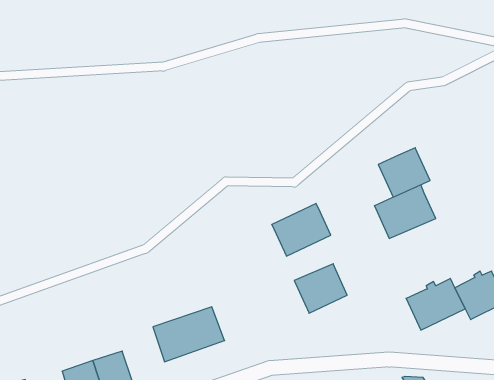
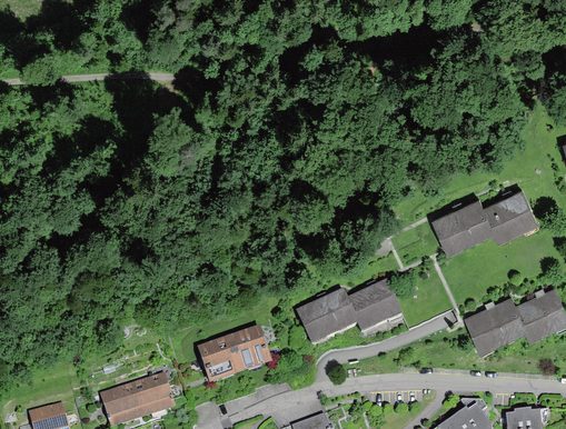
building: [378,148,430,197] -> [483,187,537,239]
building: [272,203,331,256] -> [295,288,357,343]

